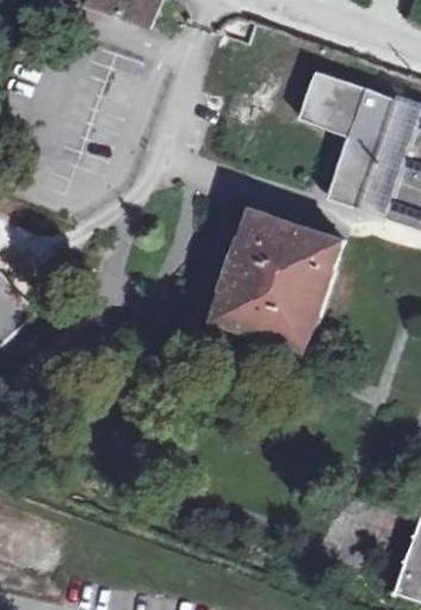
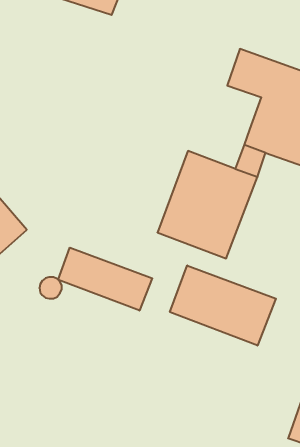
building: none -> [58,248,152,311]
building: none -> [170,265,276,346]

